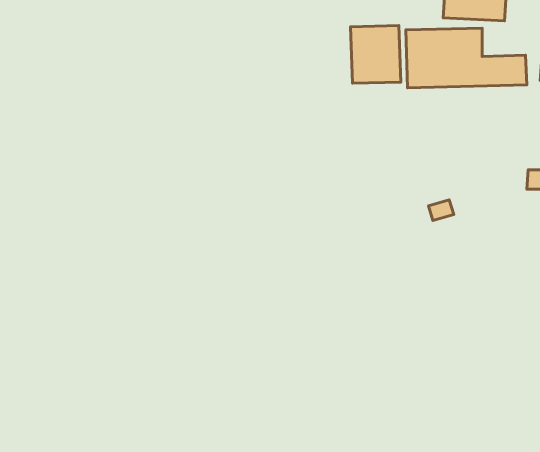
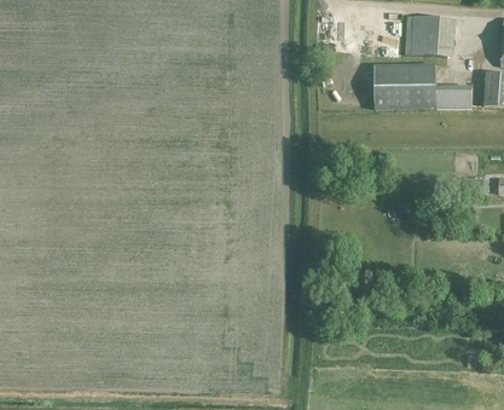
building: [351,26,401,83] -> none

